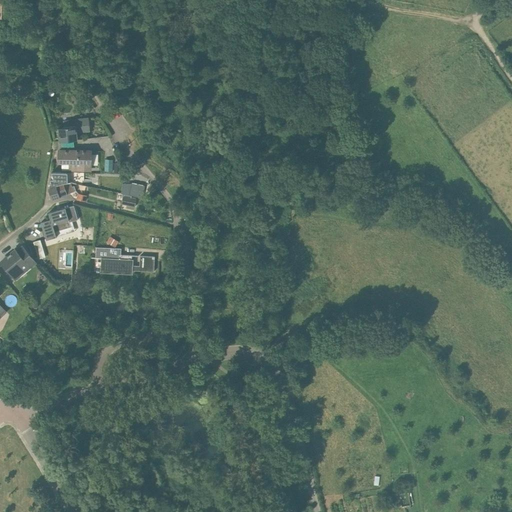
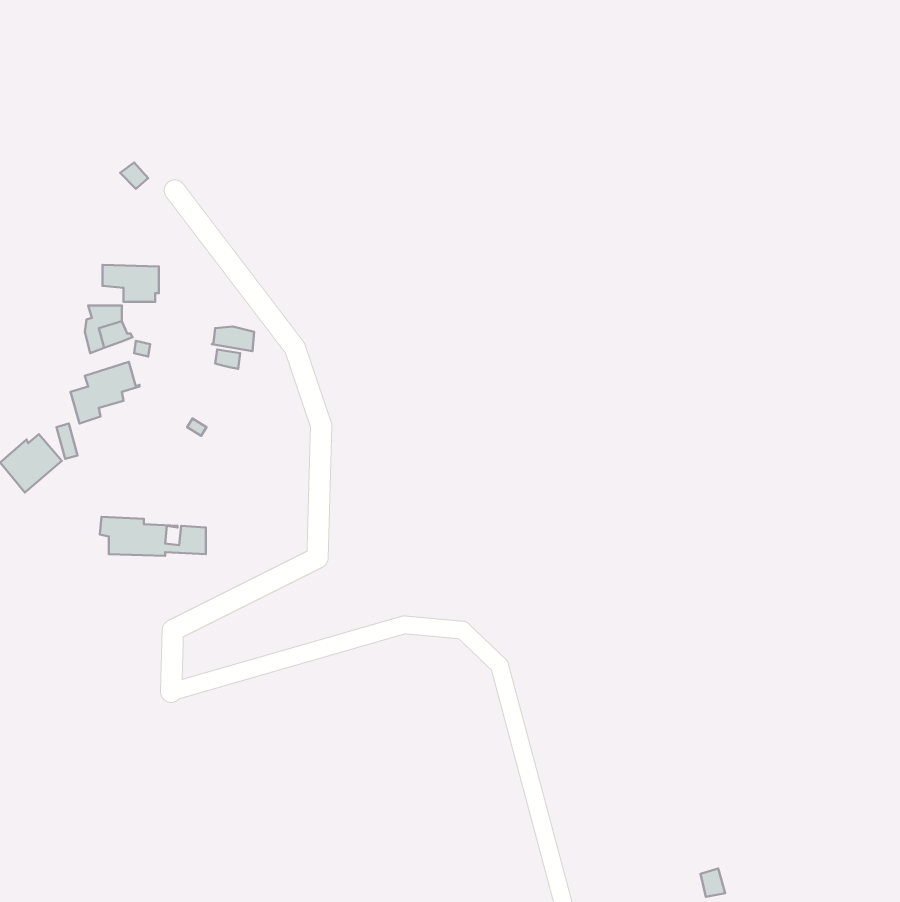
building: [57,118,89,142] -> none
building: [94,250,154,272] -> [100,517,206,556]

